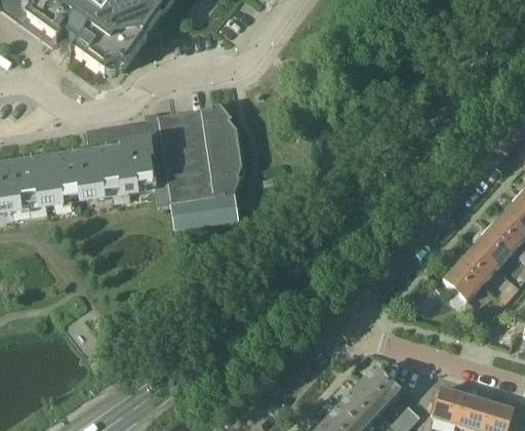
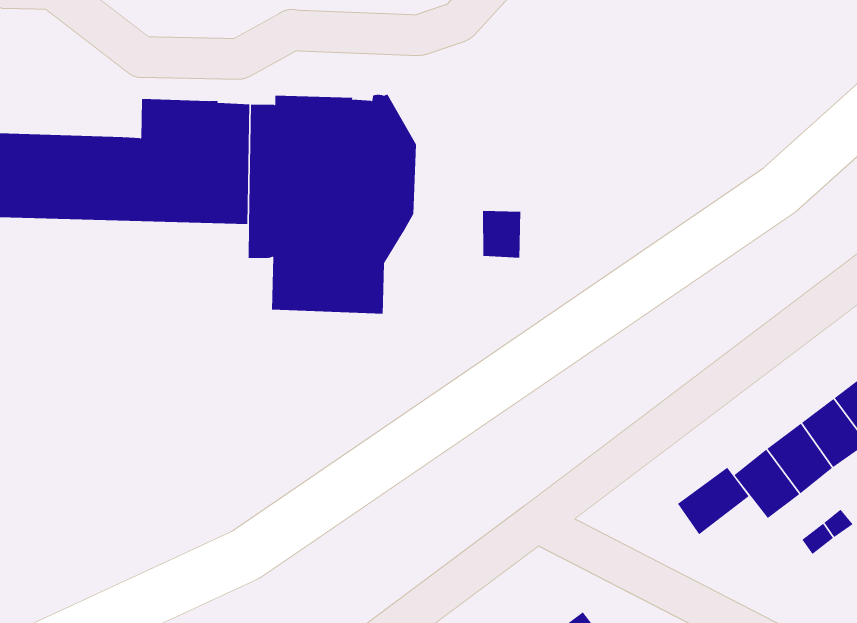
building: none -> [483,210,521,258]
building: none -> [677,467,750,535]

